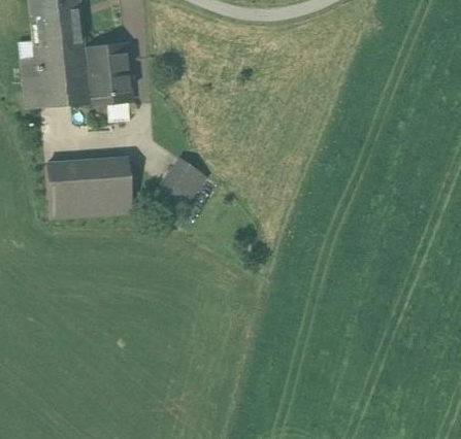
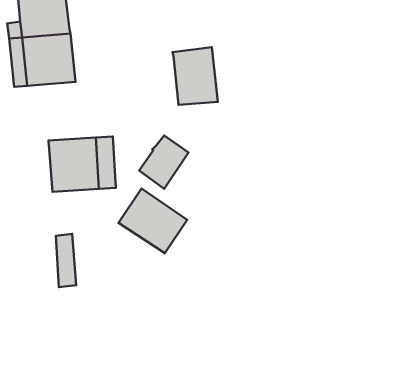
building: [85,43,131,102] -> [173,47,218,105]
building: [46,162,67,216] -> [56,234,76,287]
building: none -> [119,188,187,253]

